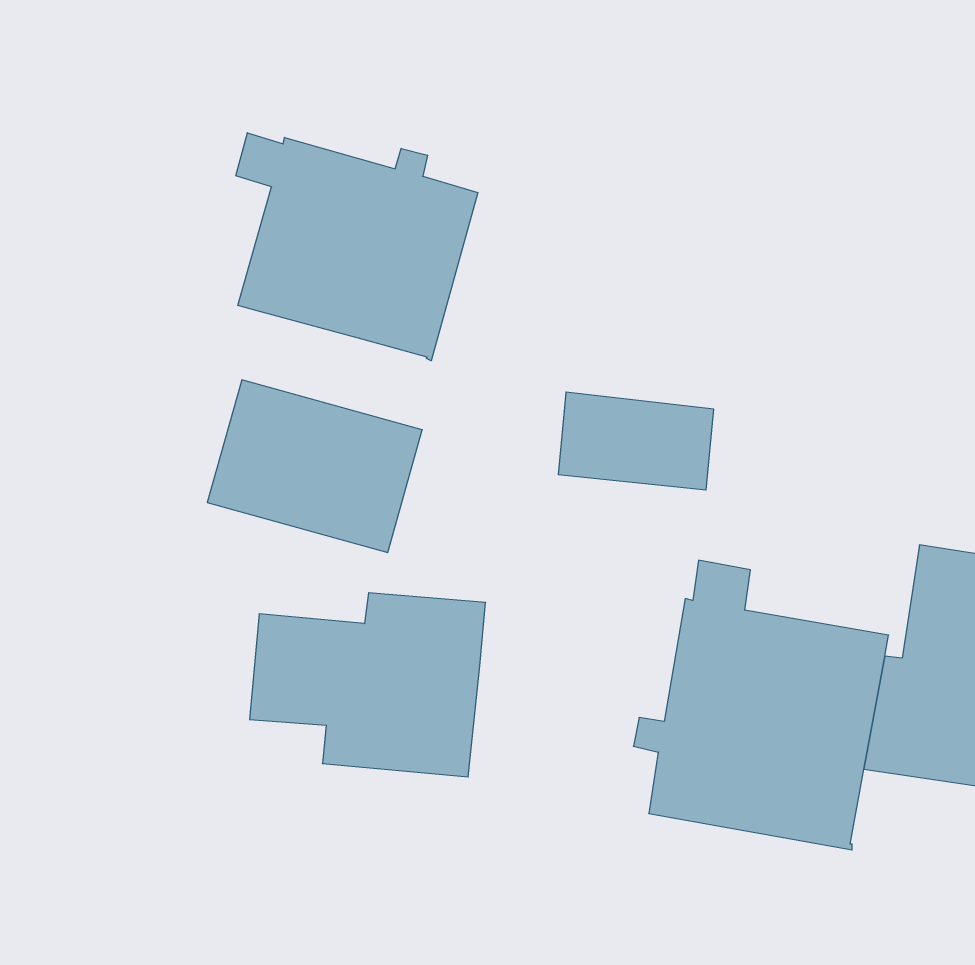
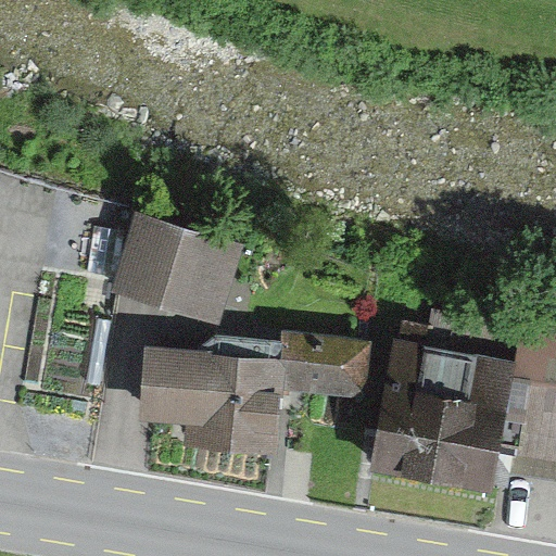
building: [236,133,478,361] -> none
building: [558,392,714,490] -> [275,339,363,394]

